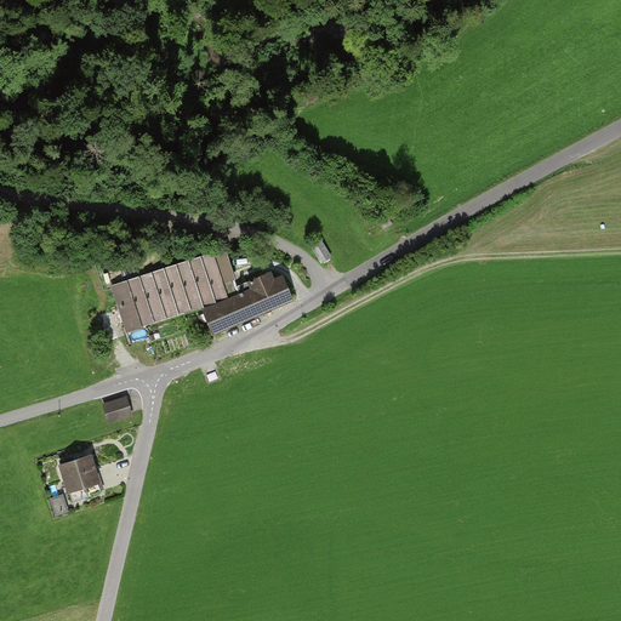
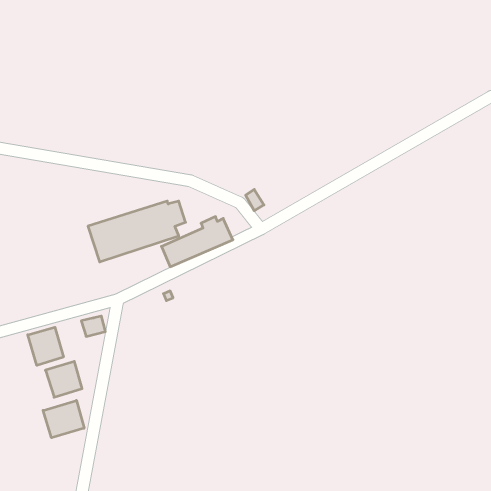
building: none -> [28,327,63,365]
building: none -> [43,400,84,438]

